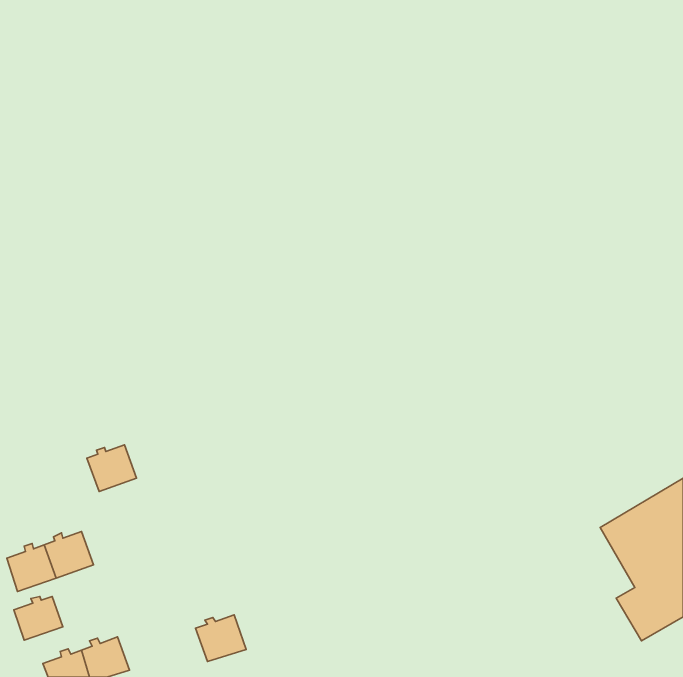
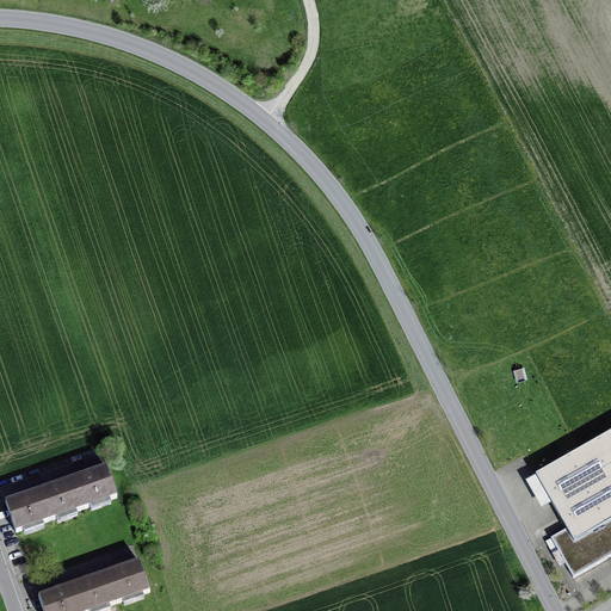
building: [87,445,136,492] -> [73,463,117,505]
building: [14,596,63,640] -> none
building: [195,615,246,662] -> [105,557,150,599]

